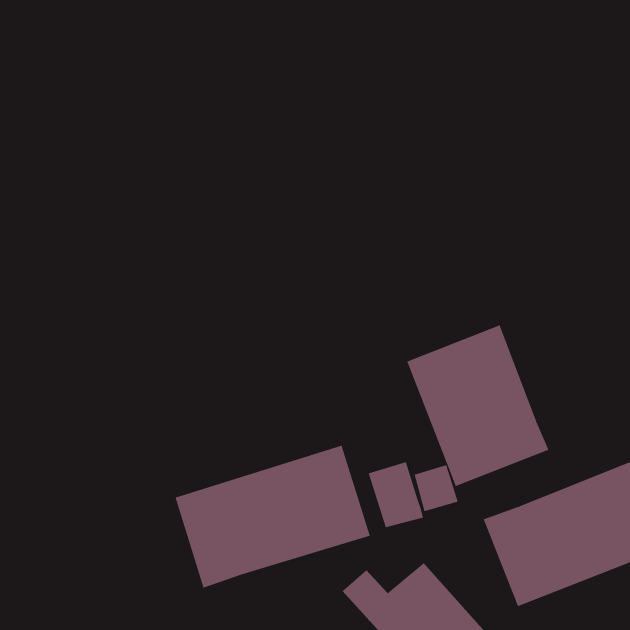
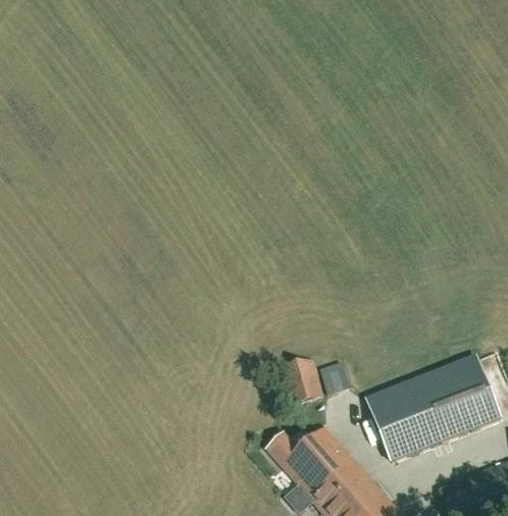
building: [406,325,549,487] -> none
building: [175,445,370,588] -> none

